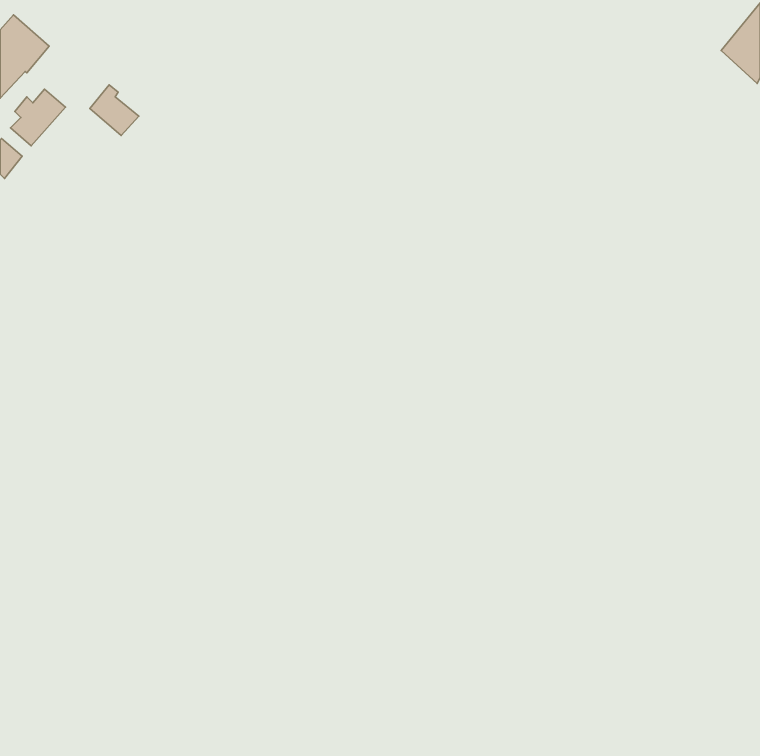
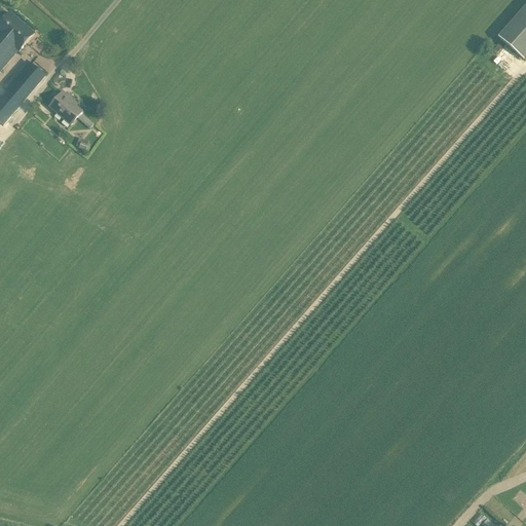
building: [90,85,139,135] -> [48,88,82,123]

